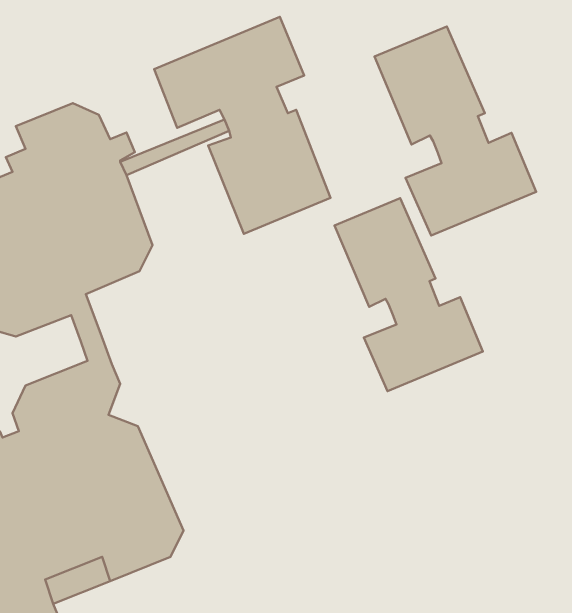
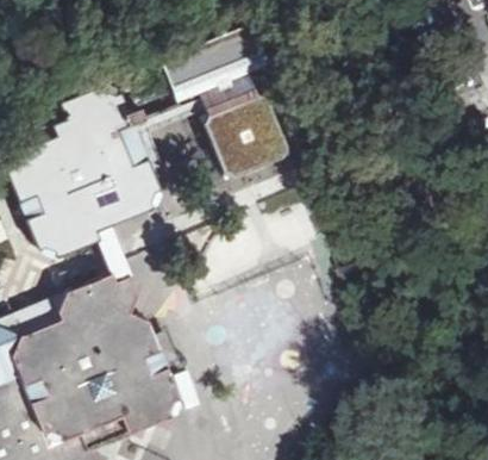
building: [374,26,536,236] -> none
building: [335,198,483,391] -> none

